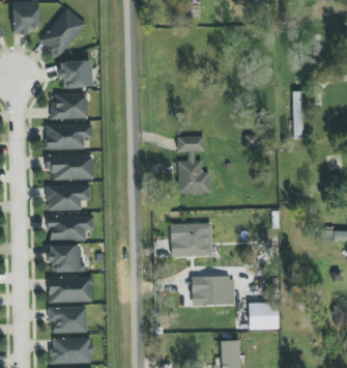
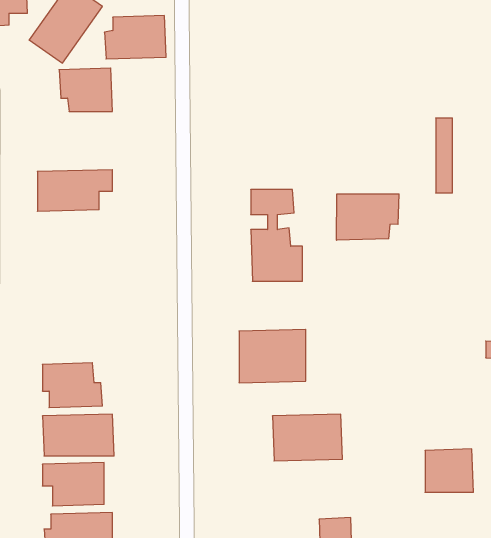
building: [49,92,87,119] -> [104,16,166,59]
building: none -> [337,194,399,240]
building: [45,153,92,179] -> none
building: [46,183,90,210] -> none
building: [48,215,93,239] -> none
building: [248,302,278,329] -> [425,449,473,492]

